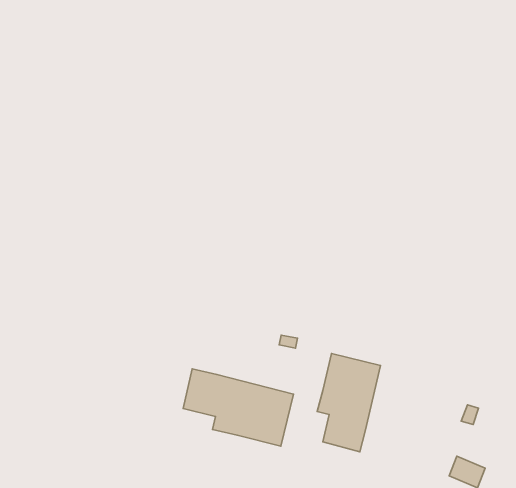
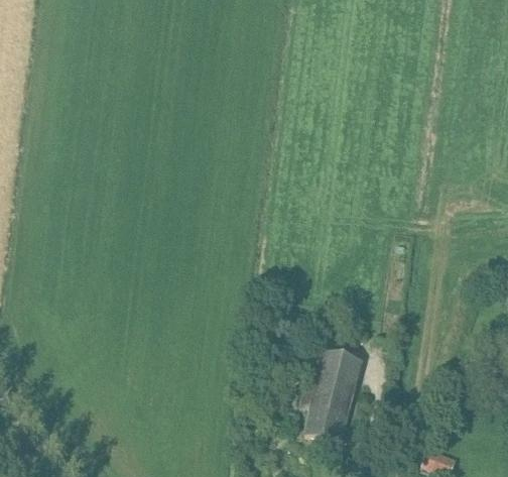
building: [183,369,294,446] -> none

